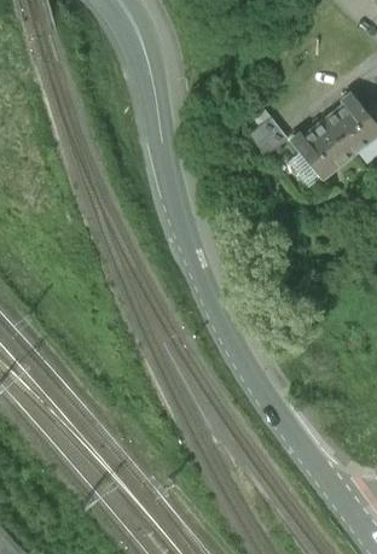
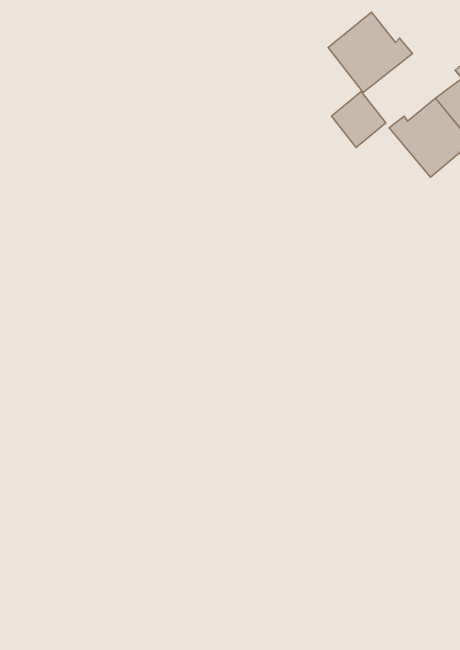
building: none -> [328,12,412,92]

